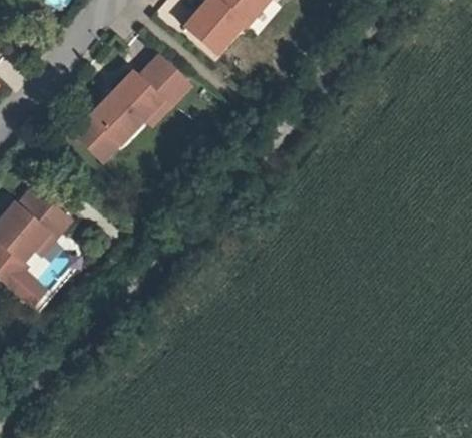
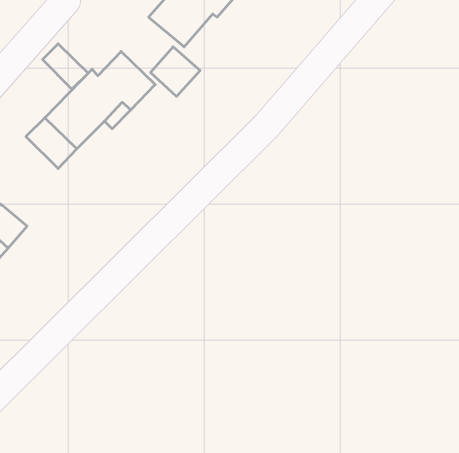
building: none -> [43,44,88,89]
building: none -> [151,47,200,96]

